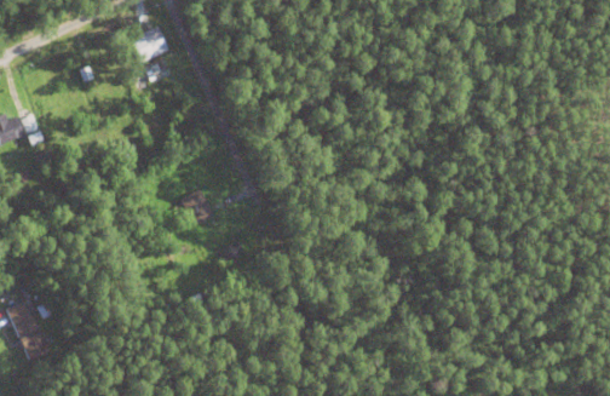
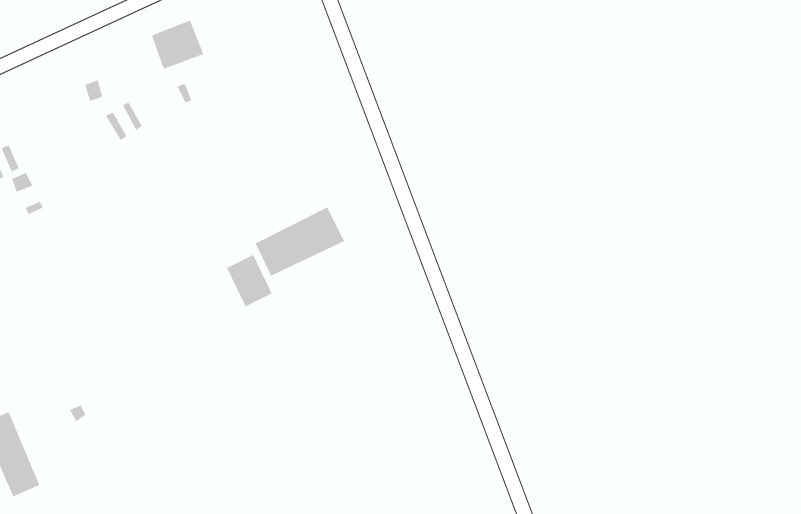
building: none -> [255,207,345,277]

